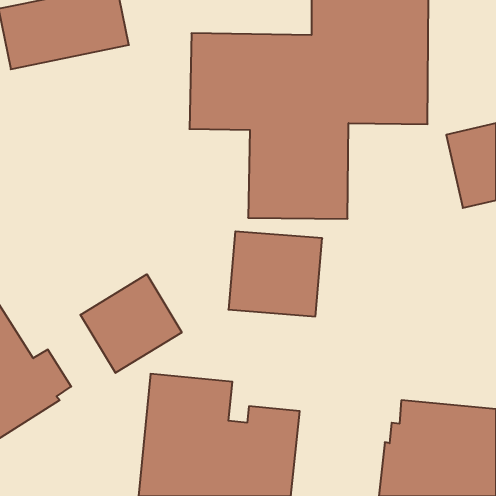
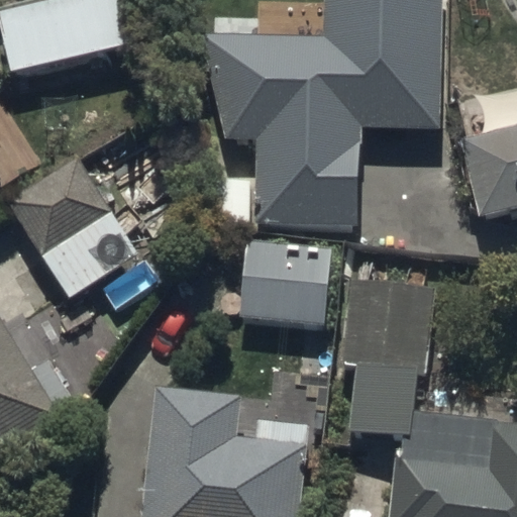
building: none -> [8,160,138,302]
building: none -> [341,281,435,438]
building: [80,274,182,373] -> none

